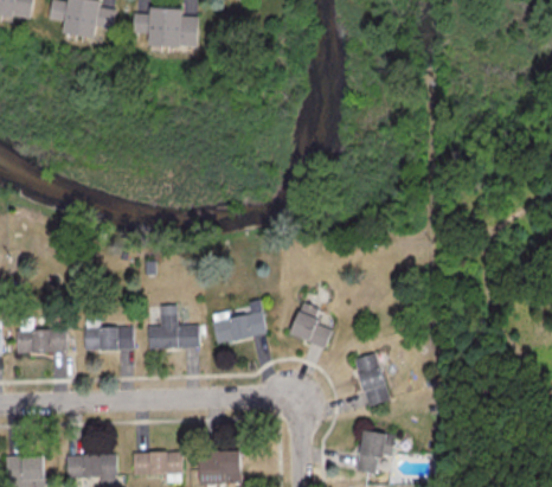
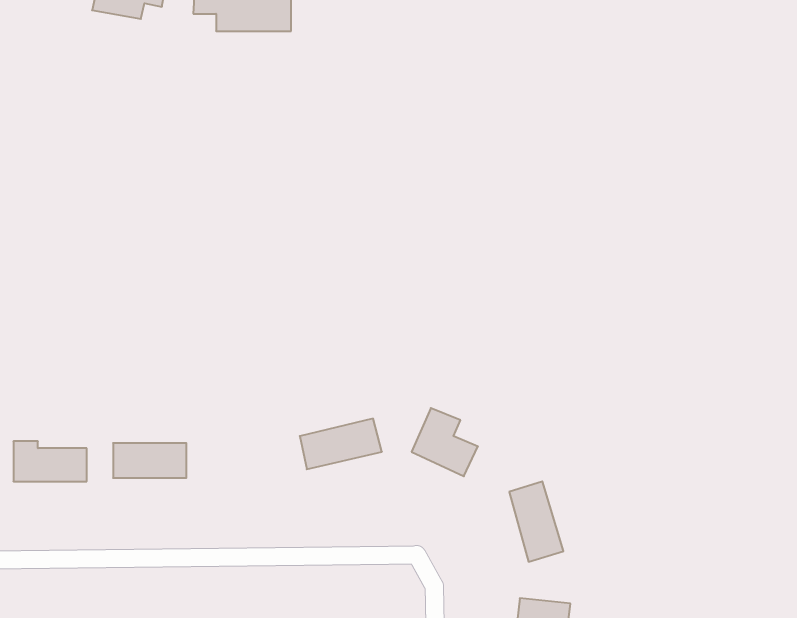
building: [146,305,199,347] -> none

